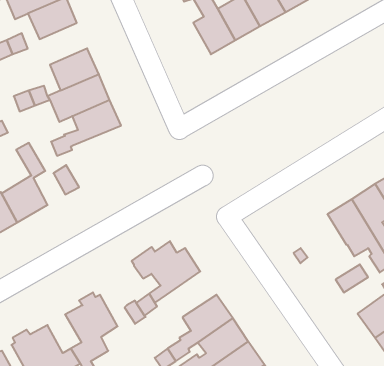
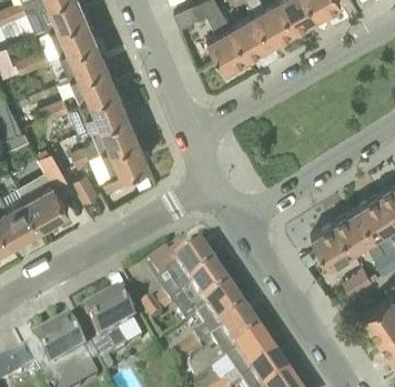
building: none -> [60,38,105,78]
building: none -> [92,135,148,190]
building: none -> [311,220,352,263]
building: none -> [178,274,229,326]

